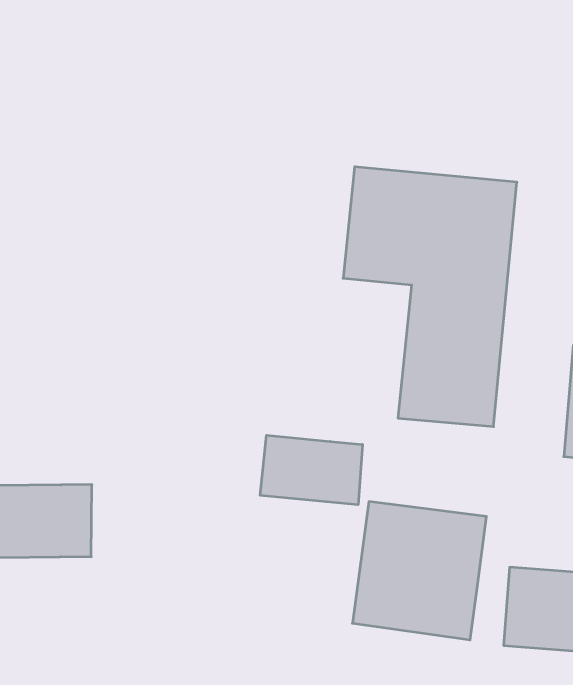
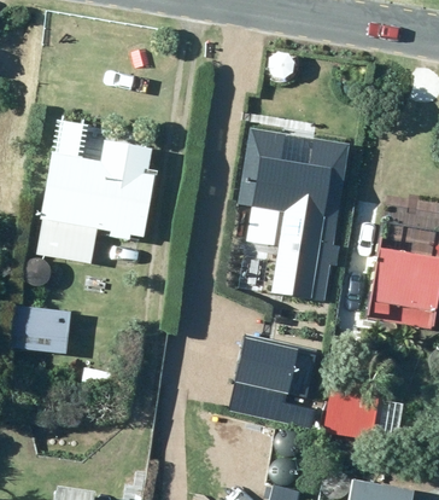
building: none -> [36,139,154,263]
building: [260,435,362,505] -> none

